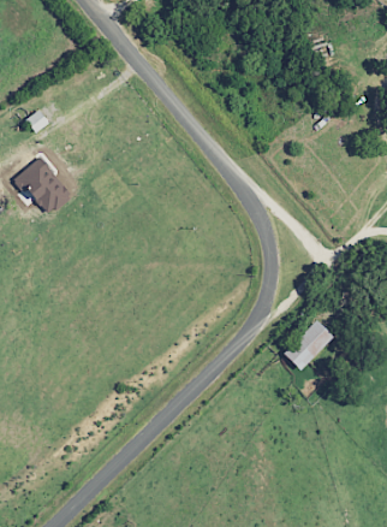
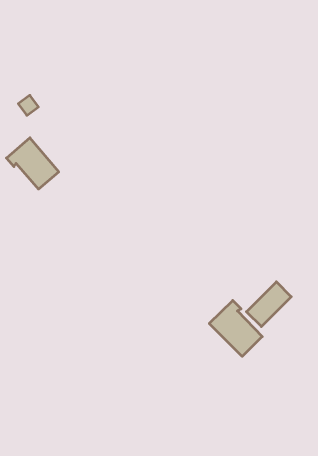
building: none -> [209,300,262,356]

